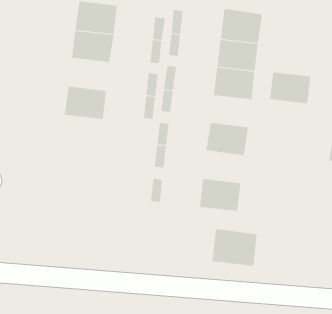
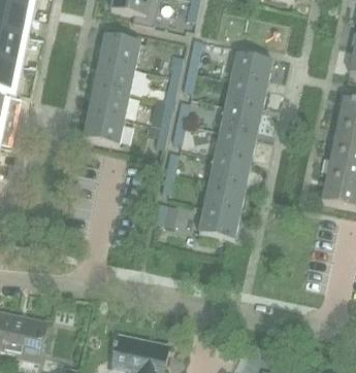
building: none -> [89,84,129,117]
building: [269,72,311,104] -> [216,130,256,162]
building: none -> [204,179,245,212]
building: [212,228,257,266] -> none

